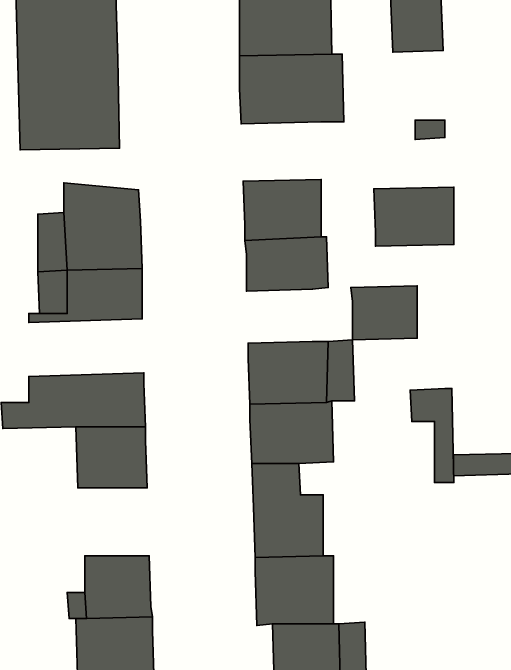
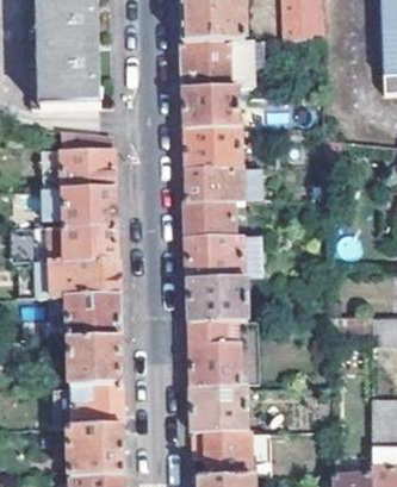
building: [374,187,454,246] -> [182,88,237,129]
building: [351,286,417,340] -> [186,202,231,239]
building: none -> [37,223,116,262]
building: [410,389,454,483] -> [222,320,252,385]
building: none -> [70,338,119,385]

